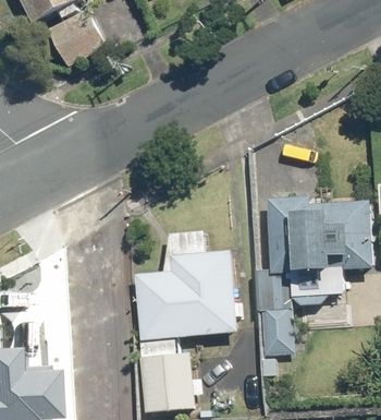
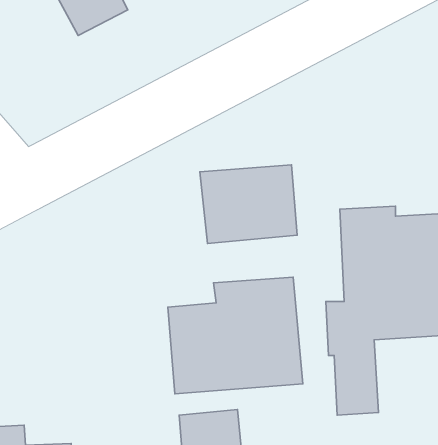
building: none -> [200,165,297,244]

